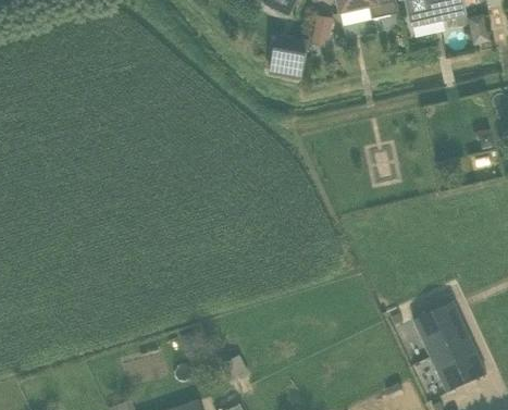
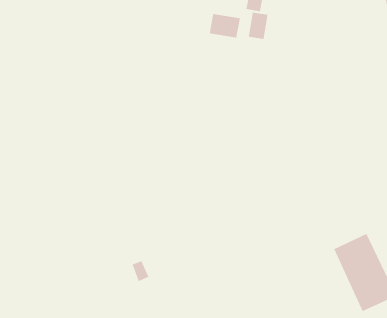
building: none -> [248,12,268,40]

